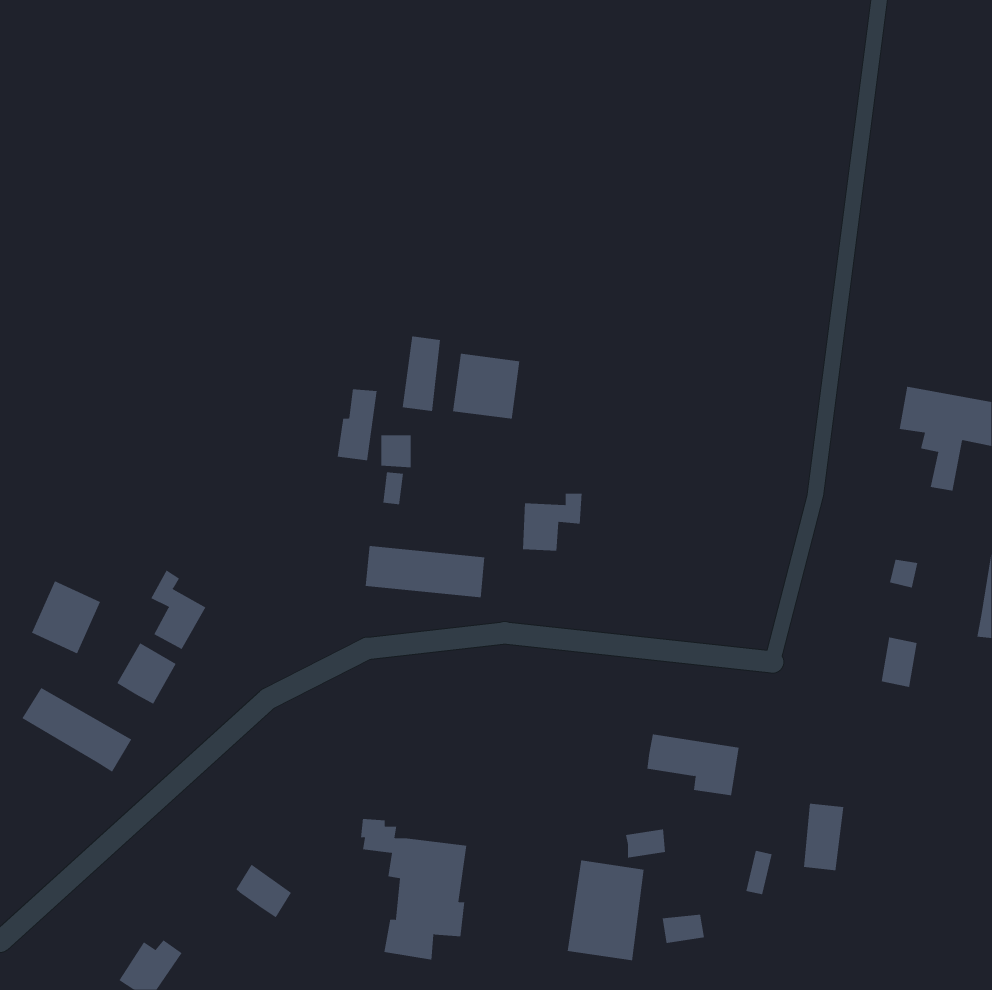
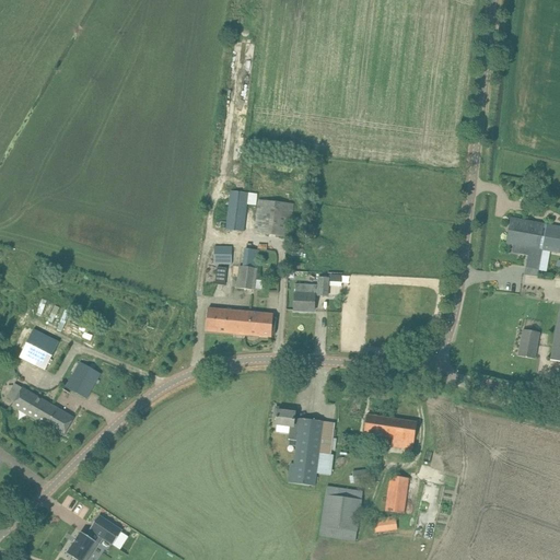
building: [337,389,378,461] -> [236,248,259,289]
building: [151,570,206,650] -> none
building: [881,637,918,687] -> [518,329,539,358]
building: [803,803,844,871] -> [386,475,409,513]
building: [360,818,467,960] -> [275,407,335,487]
building: [236,864,292,918] -> [90,513,121,544]

